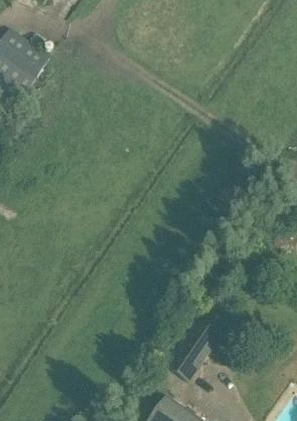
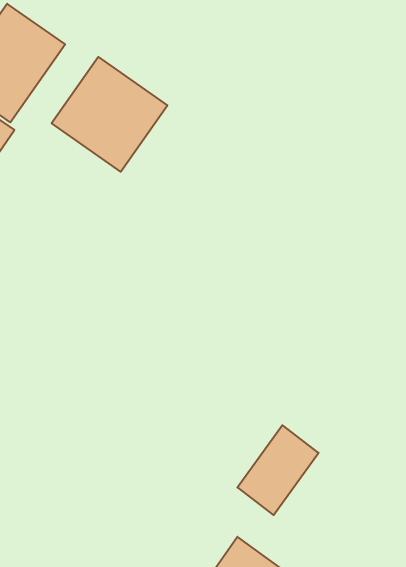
building: none -> [52,57,167,172]

